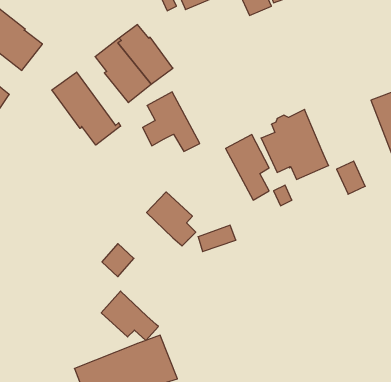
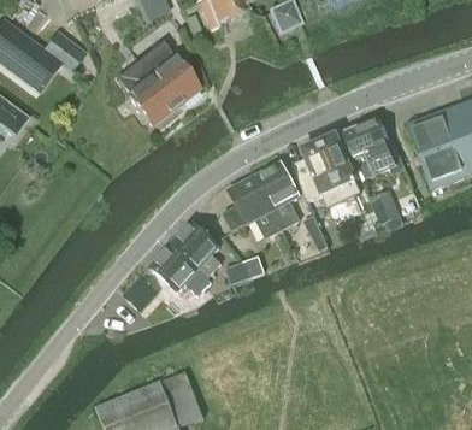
building: none -> [42,31,85,73]
building: [52,72,121,145] -> none
building: [143,92,200,151] -> [223,175,283,237]
building: none -> [342,117,396,171]
building: [101,291,158,340] -> [151,242,211,294]

